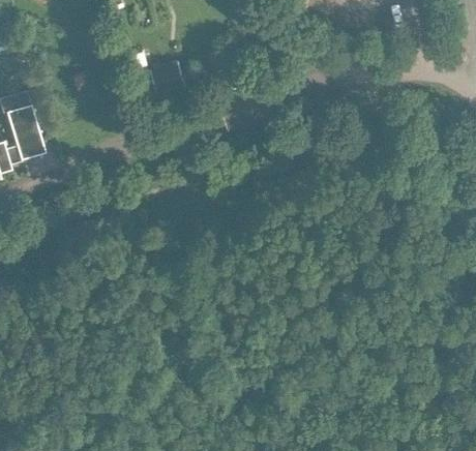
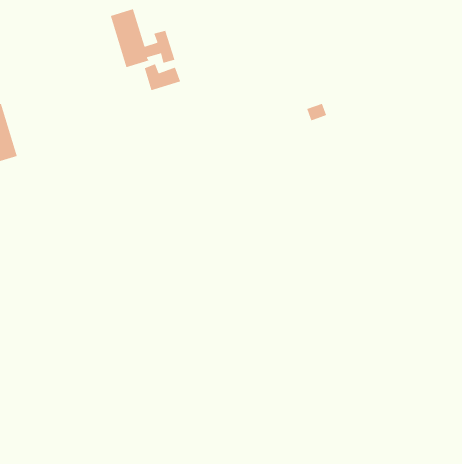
building: none -> [110,8,176,68]

